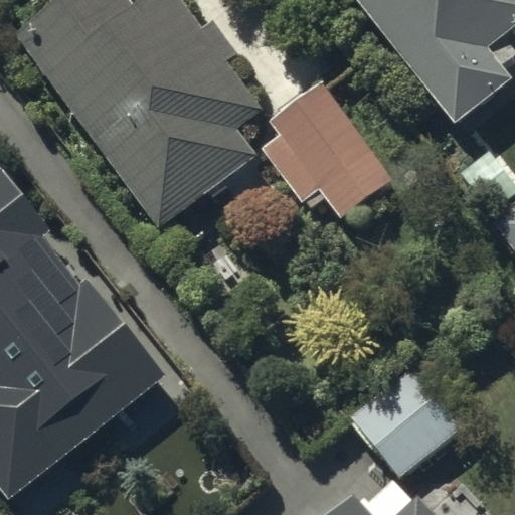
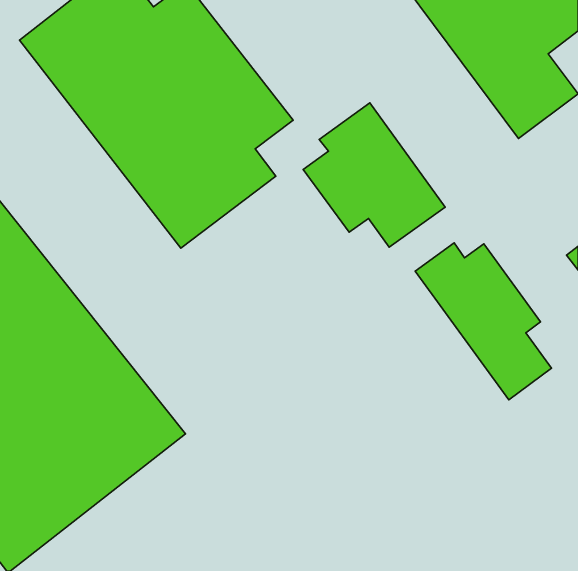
building: none -> [415,243,551,400]
building: [349,363,460,473] -> none

